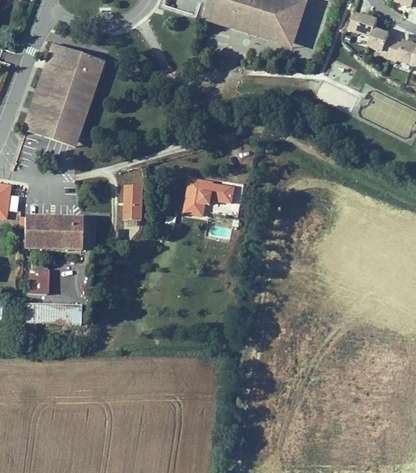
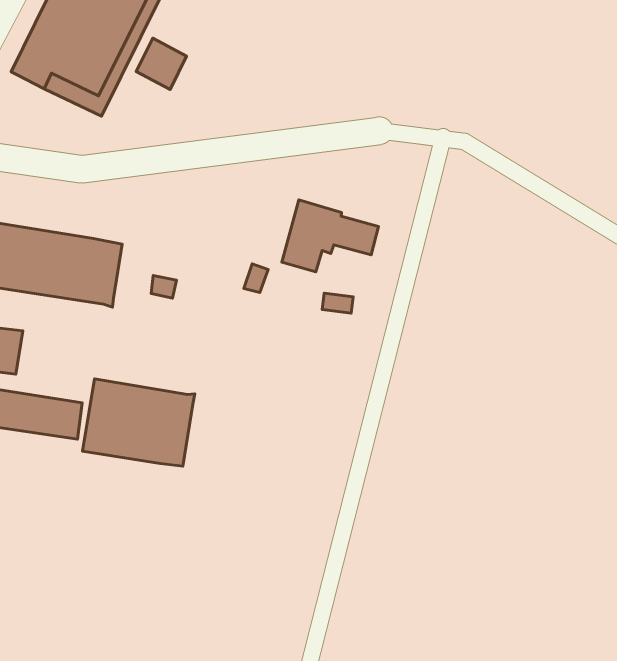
building: none -> [136,38,187,90]
building: [122,185,144,220] -> none
building: none -> [82,379,195,466]

